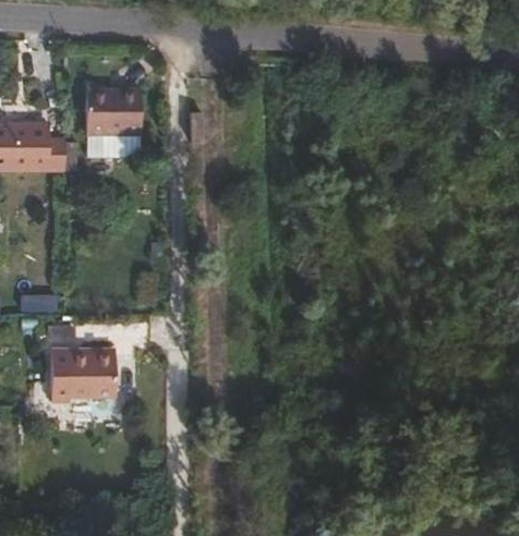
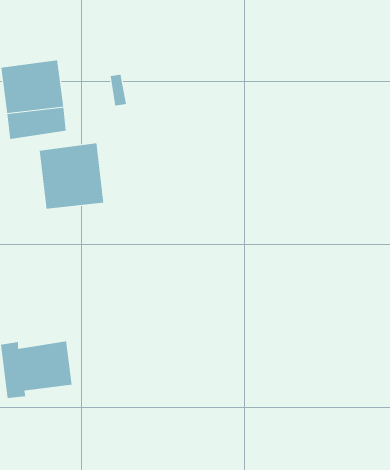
building: none -> [39,143,104,210]

